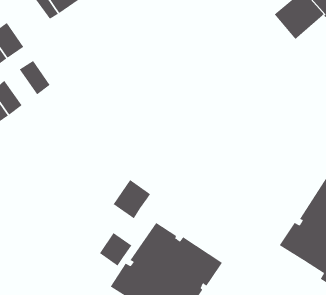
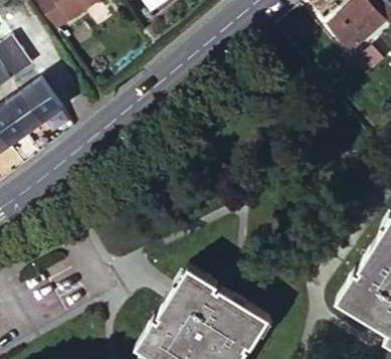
building: none -> [9,89,47,132]
building: [113,179,151,219] -> none
building: [99,232,132,266] -> none

